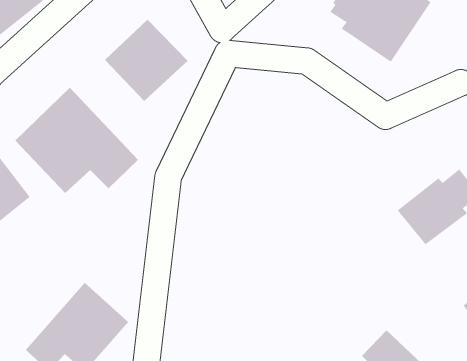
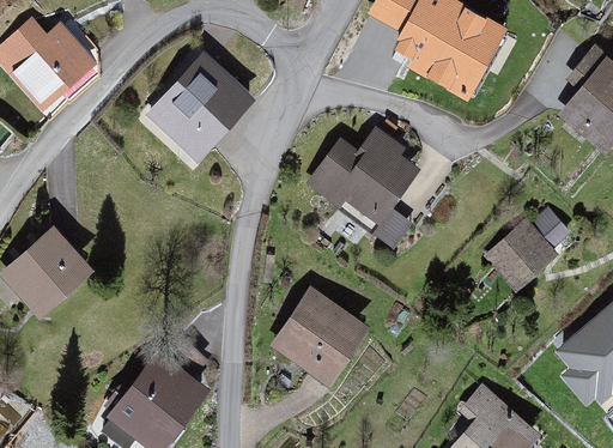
building: [15,87,139,194] -> none
building: none -> [309,137,424,234]
building: none -> [271,284,370,382]

